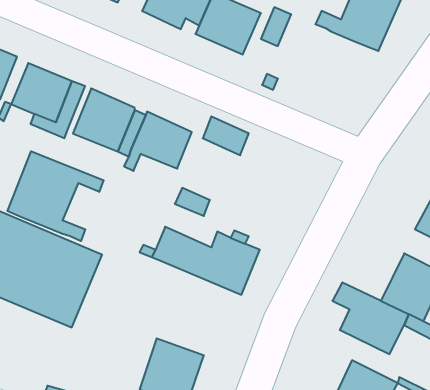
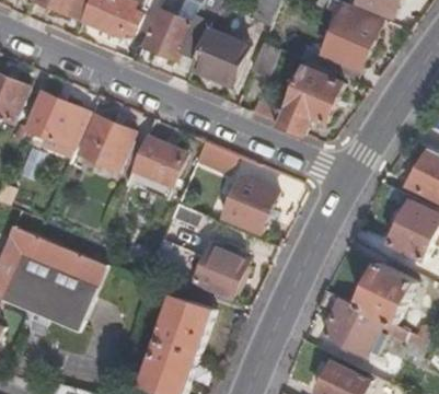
building: none -> [278,63,344,135]
building: [7,151,104,241] -> none
building: none -> [221,177,285,239]
building: none -> [153,294,212,356]

